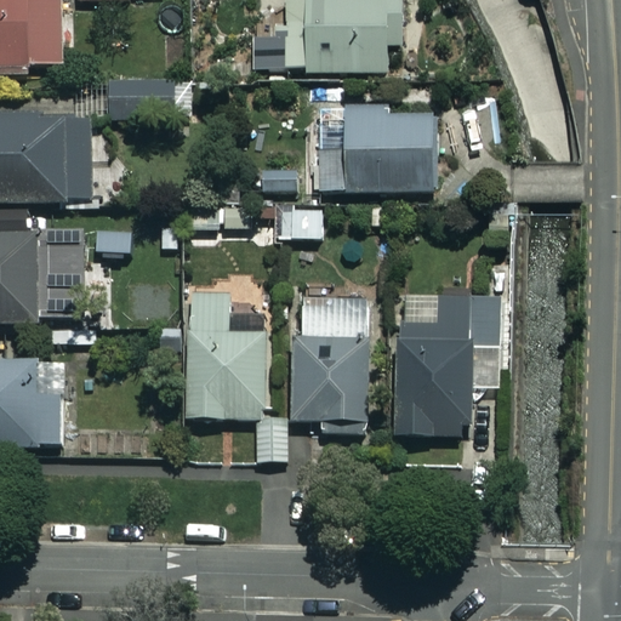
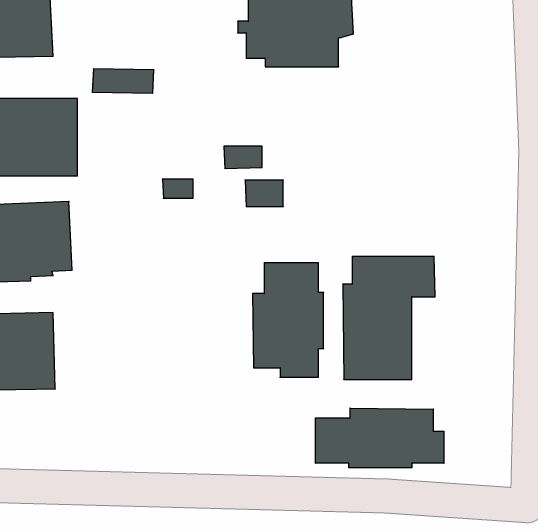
building: [312,107,435,192] -> none
building: [189,296,285,460] -> none
building: none -> [316,408,444,468]

